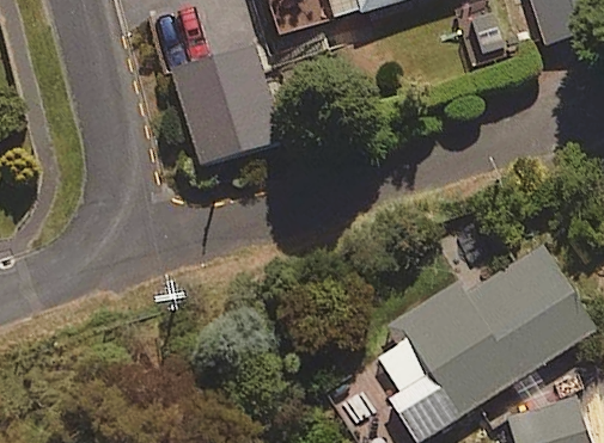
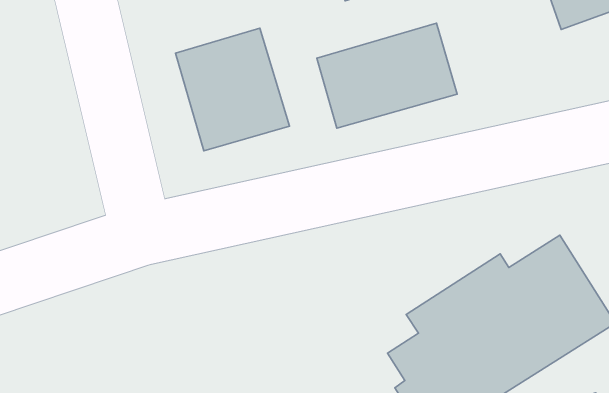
building: none -> [317,23,457,128]

